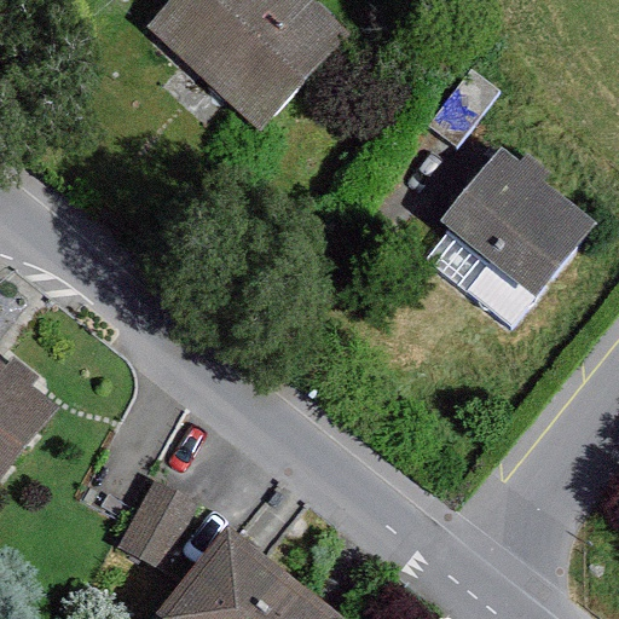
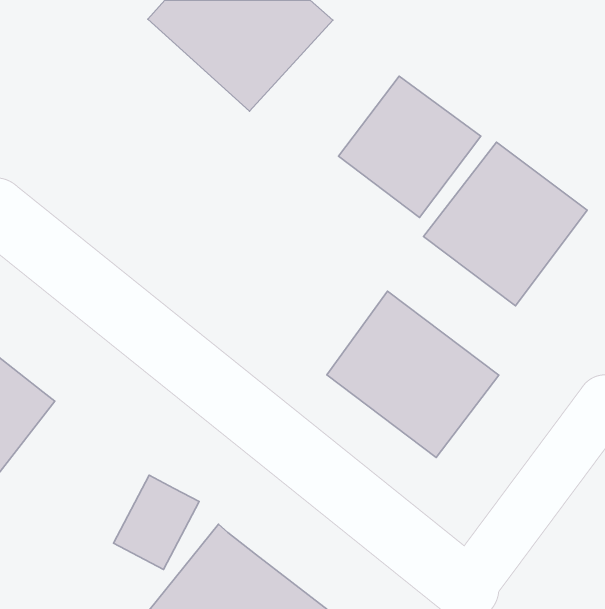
building: none -> [339,76,481,217]
building: none -> [327,291,499,458]

